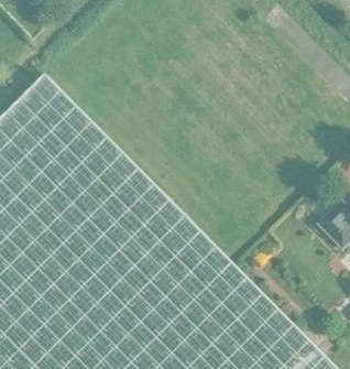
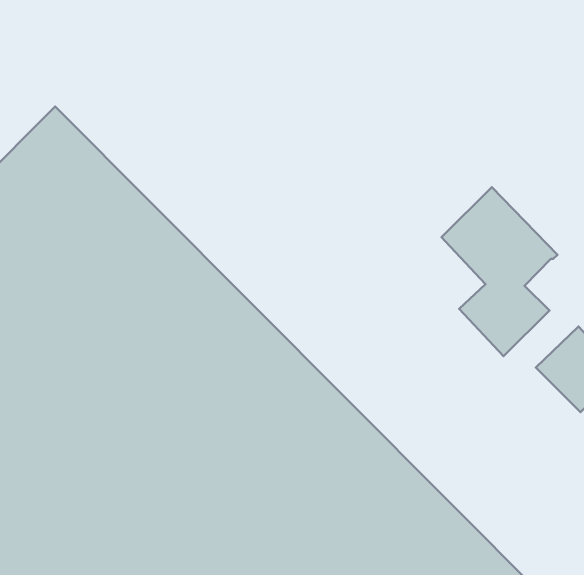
building: none -> [441,187,557,356]

